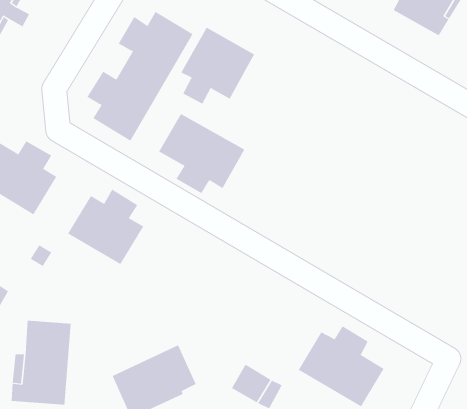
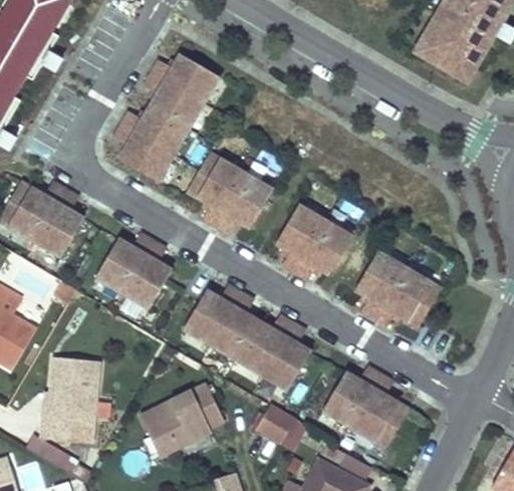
building: [180,27,255,105] -> none
building: none -> [275,206,350,280]
building: none -> [354,251,441,326]
building: none -> [182,283,311,389]

